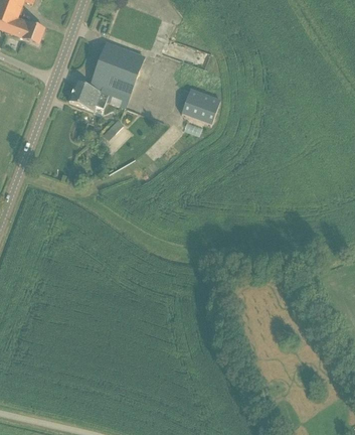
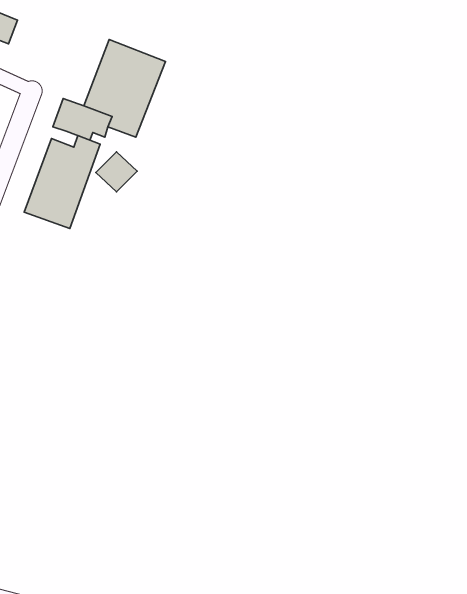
building: [180,87,219,124] -> none
building: none -> [24,136,100,228]

